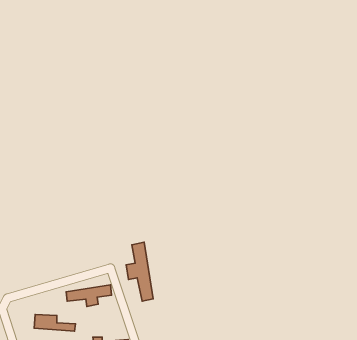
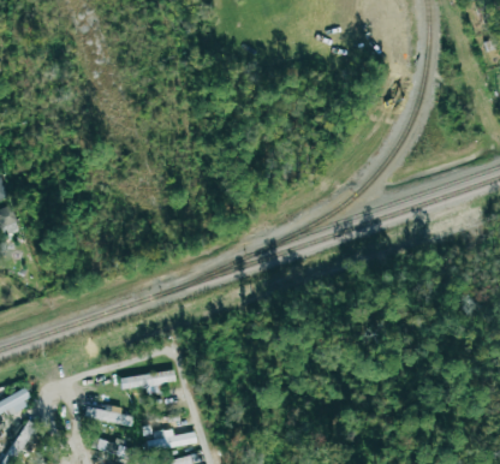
building: [126,242,153,301] -> none

